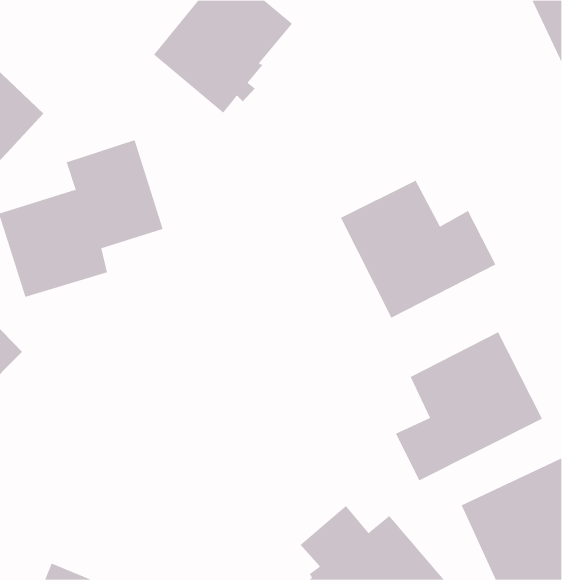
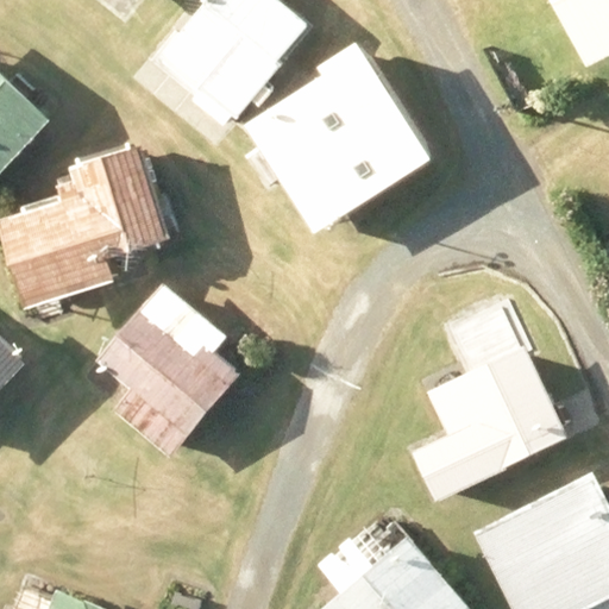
building: none -> [259,61,416,209]
building: [340,180,496,318] -> none
building: none -> [93,281,234,457]

